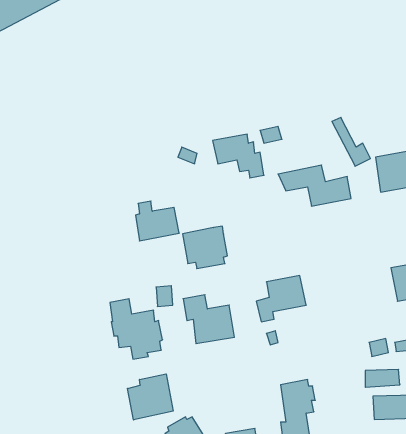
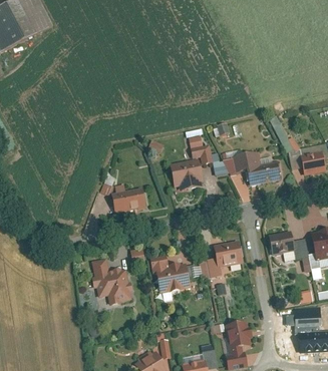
building: [183,226,227,269] -> [170,157,205,191]
building: none -> [270,232,309,259]
building: [127,374,173,420] -> none

